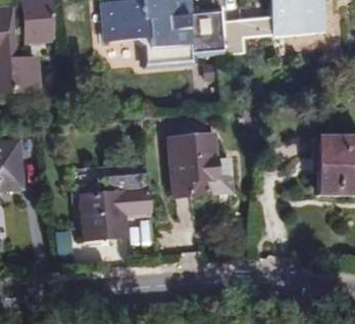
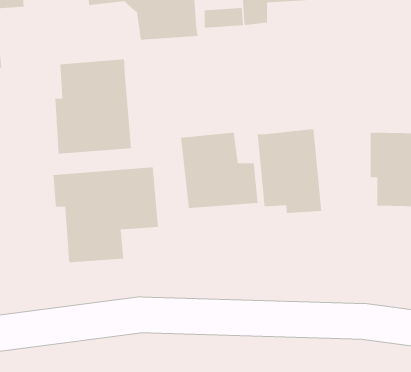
building: none -> [54,59,132,155]
building: none -> [257,129,322,214]

